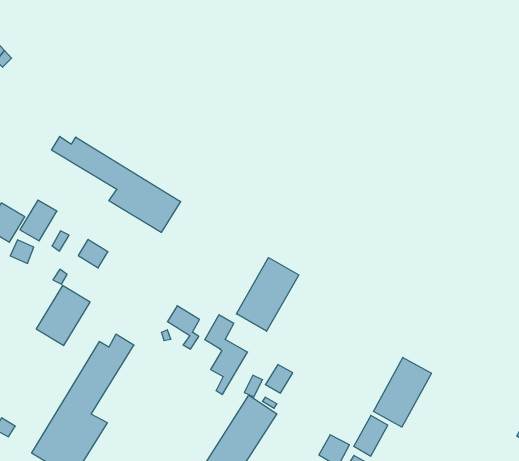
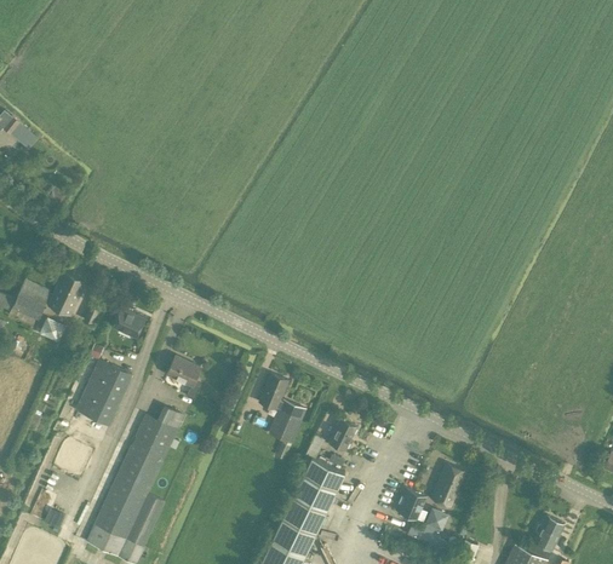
building: [52,136,181,232] -> none
building: [236,258,299,331] -> none
building: [167,306,199,349] -> [167,355,202,399]
building: [373,357,431,427] -> none

